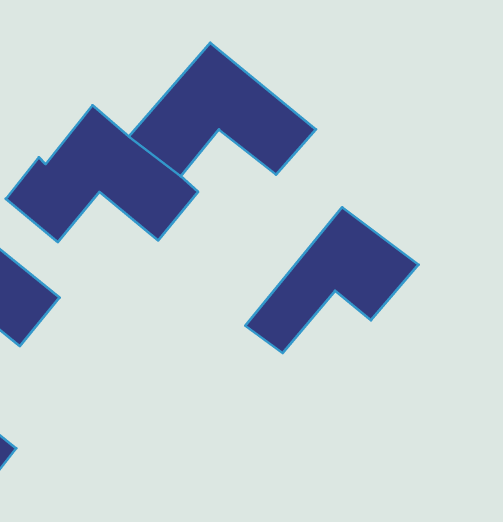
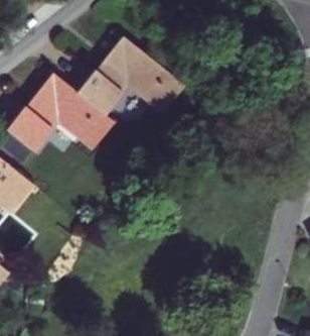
building: [245,207,419,353] -> none

